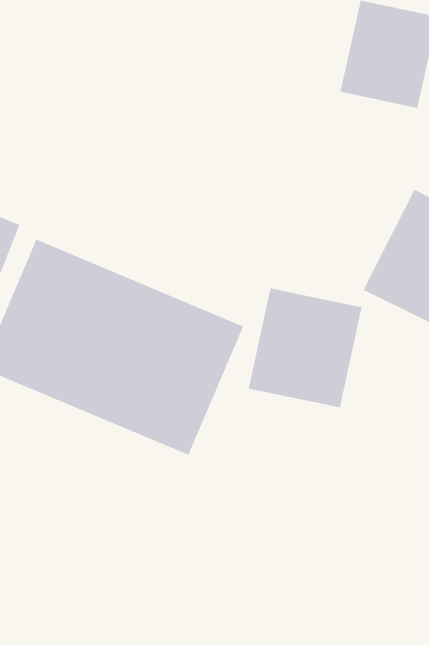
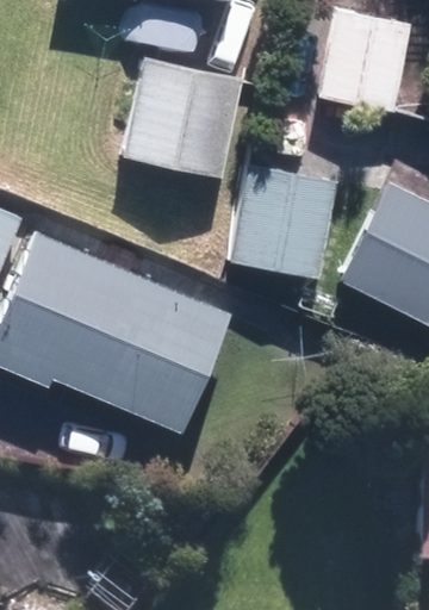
building: none -> [123,62,241,181]
building: [248,287,362,408] -> [230,166,336,278]

